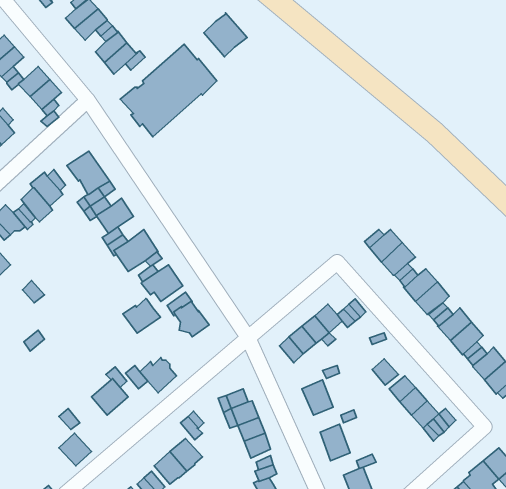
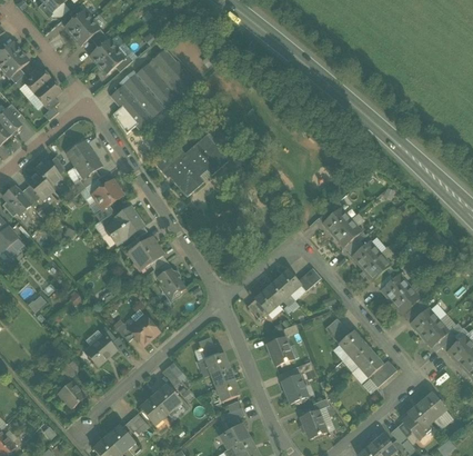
building: [204,13,247,57] -> none
building: none -> [153,135,228,196]
building: [123,299,160,333] -> none

